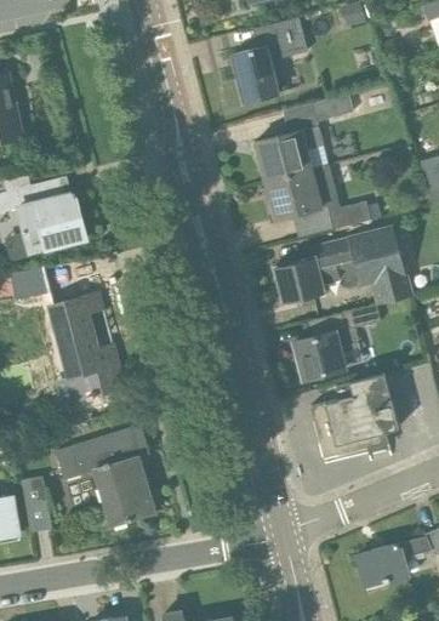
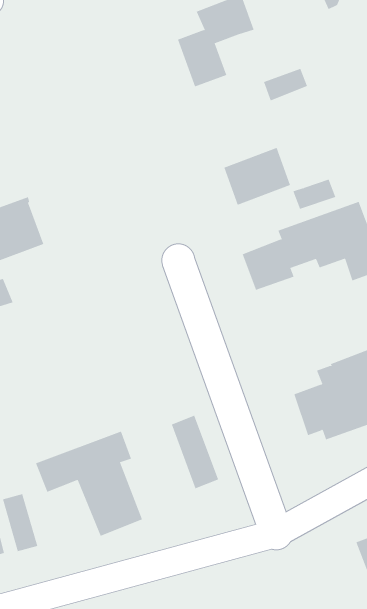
building: [255,125,323,182] -> none
building: [52,292,125,406] -> none
building: [293,304,381,378] -> none
building: none -> [171,415,219,489]

